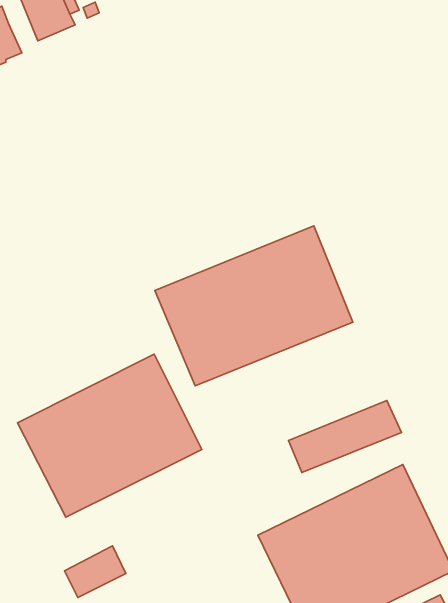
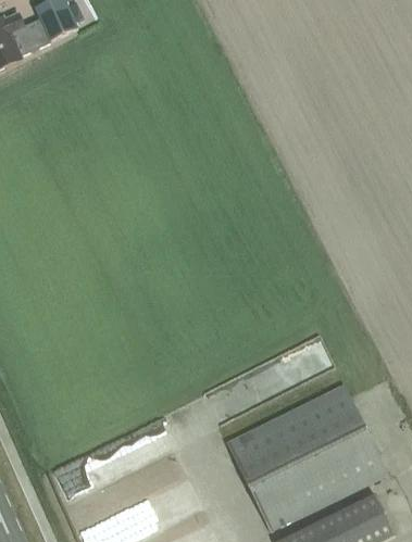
building: [155,226,353,386] -> none
building: [17,354,202,517] -> none

